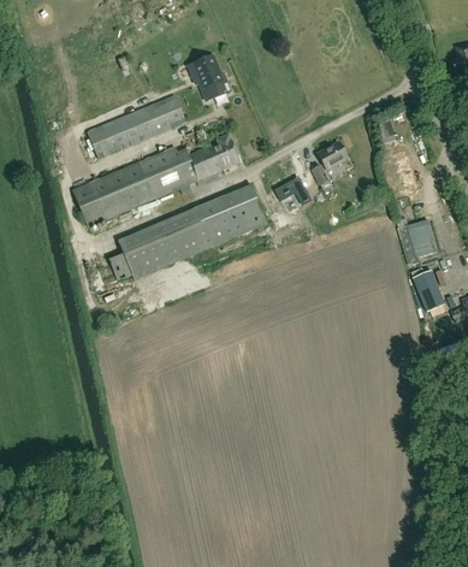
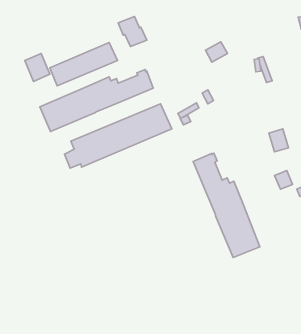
building: none -> [25,54,50,81]
building: [316,140,349,170] -> [205,42,227,62]
building: none -> [193,153,260,258]

